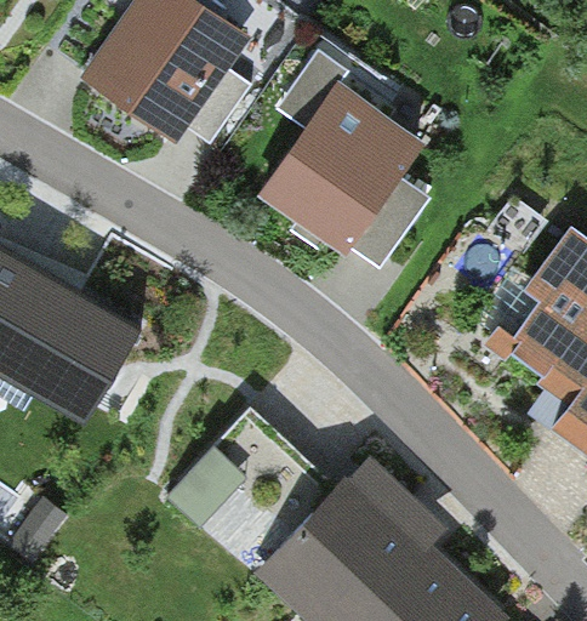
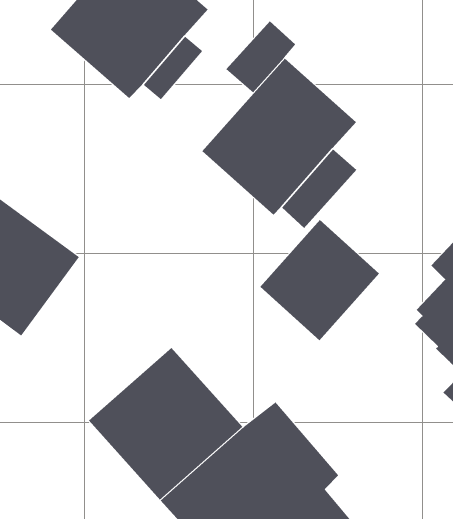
building: none -> [260,219,380,341]

